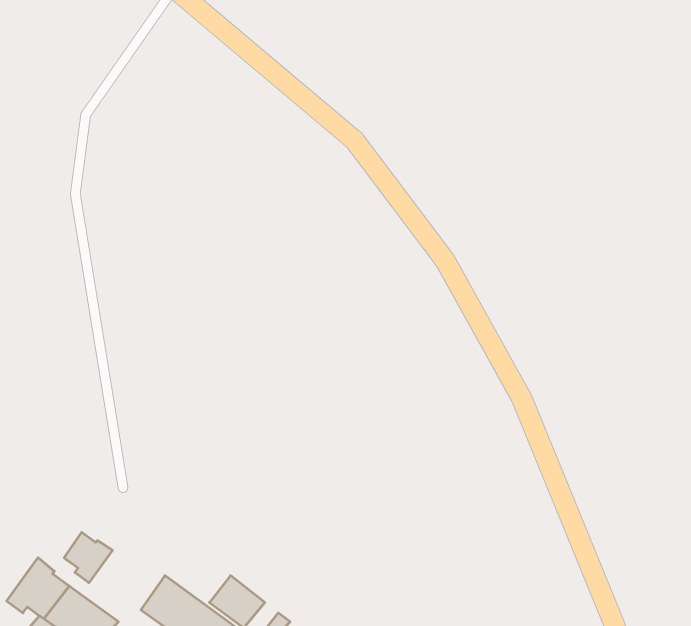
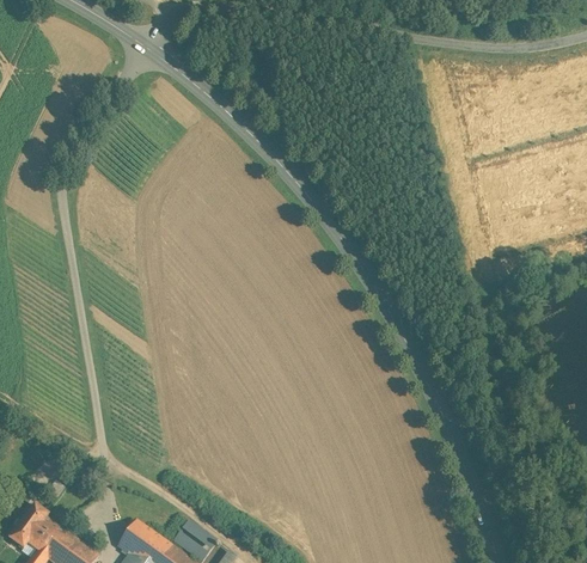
building: [64,532,112,583] -> none

